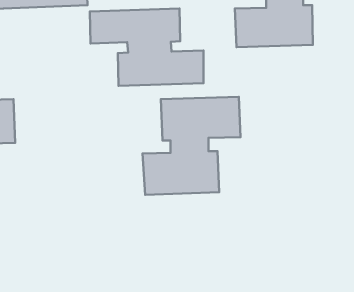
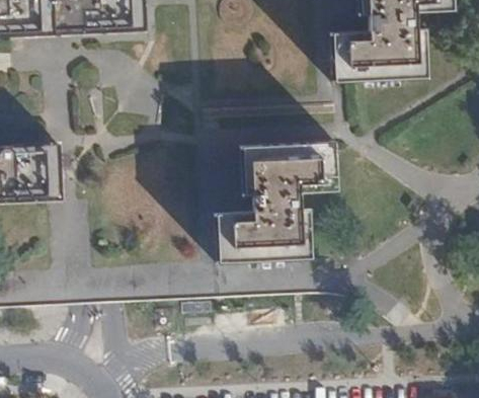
building: [90,8,204,86] -> none

